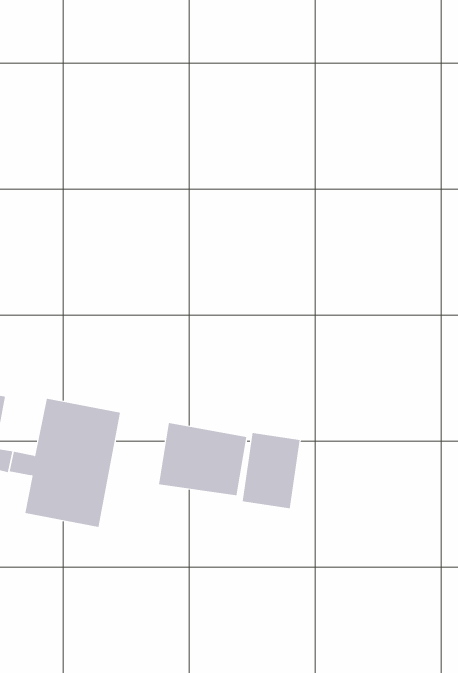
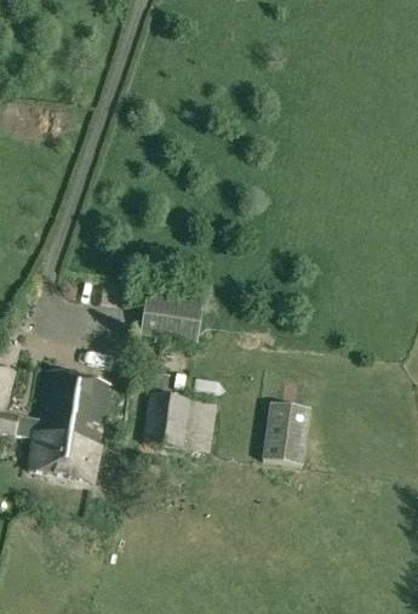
building: none -> [139,292,204,343]
building: [242,433,301,509] -> [262,402,311,466]

